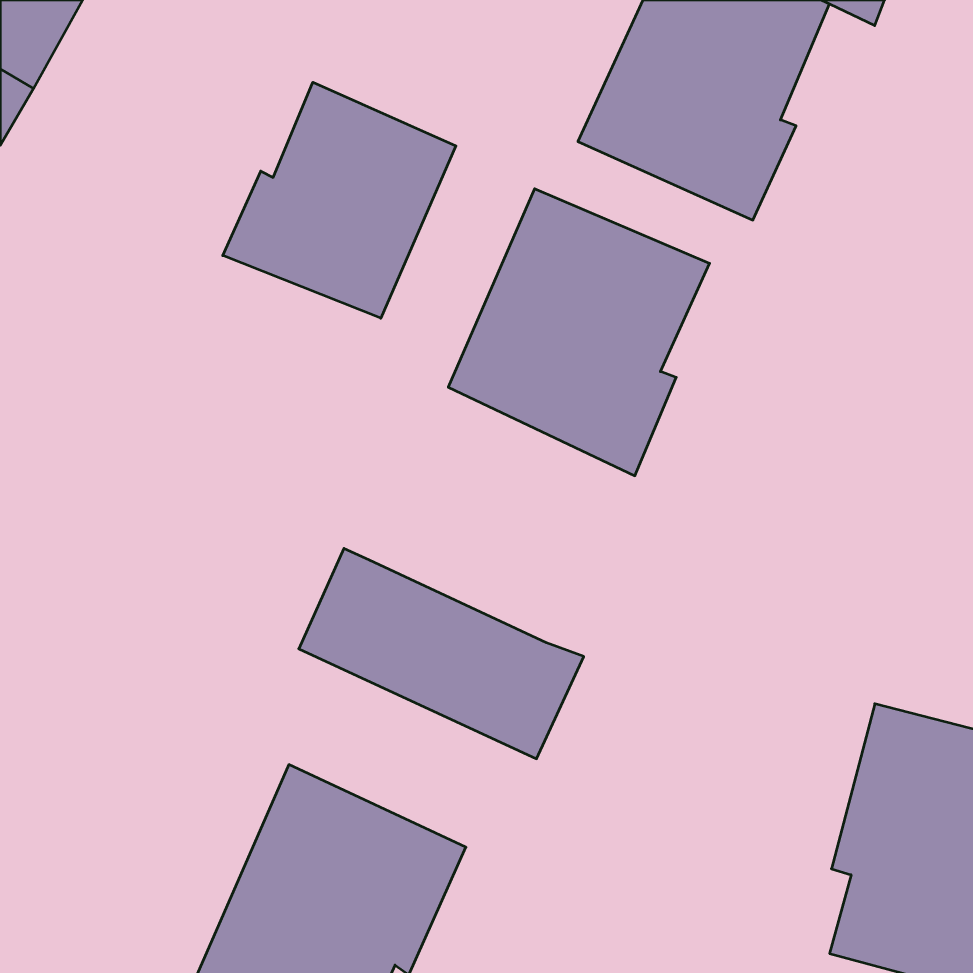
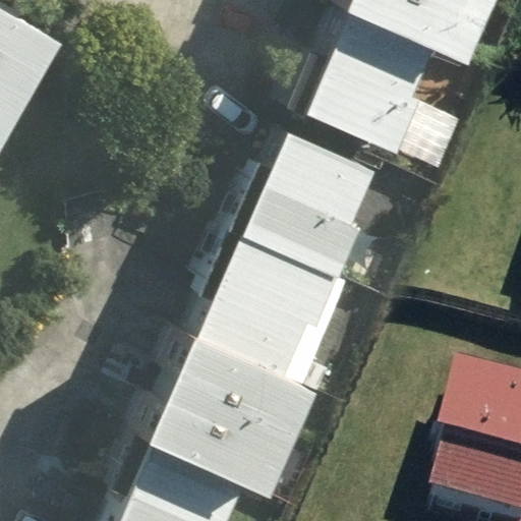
building: [223,82,456,318] -> none
building: none -> [208,217,345,349]
building: none -> [147,352,294,461]

